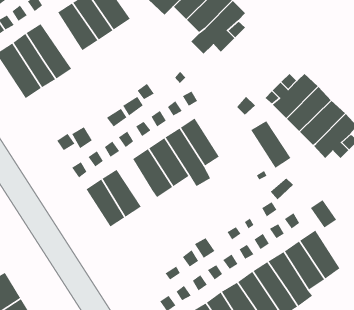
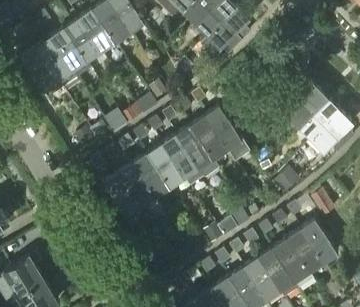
building: none -> [62,17,100,62]
building: [250,120,291,169] -> [204,105,242,150]
building: none -> [132,152,169,196]

